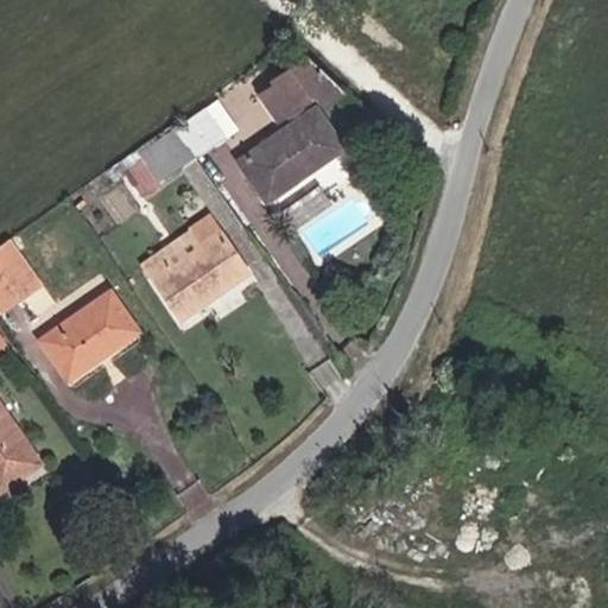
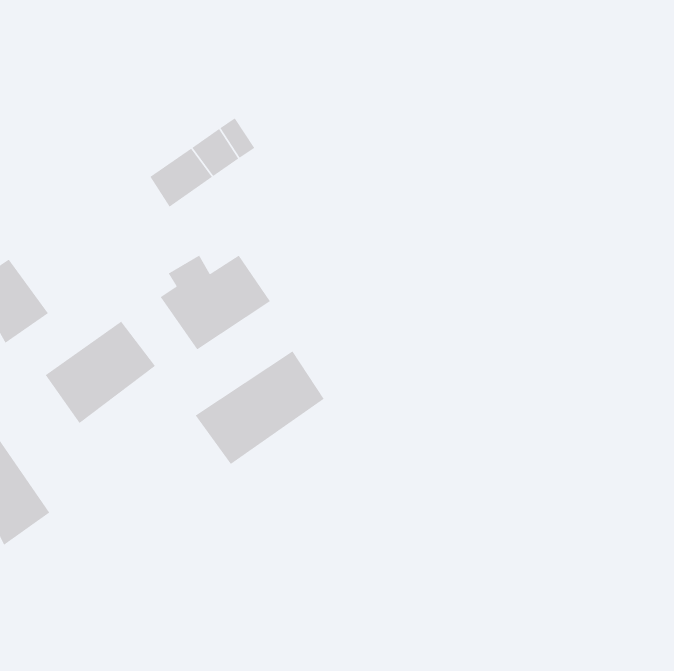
building: [258,57,337,113] -> none
building: [240,106,343,197] -> none
building: none -> [195,351,325,465]

